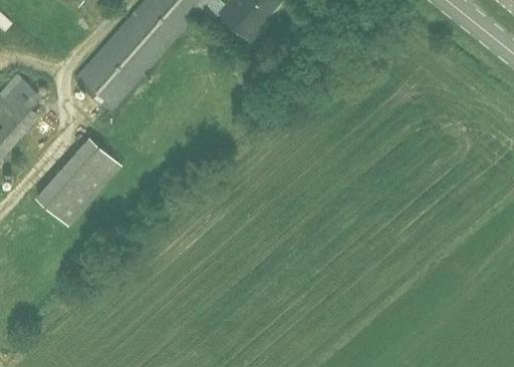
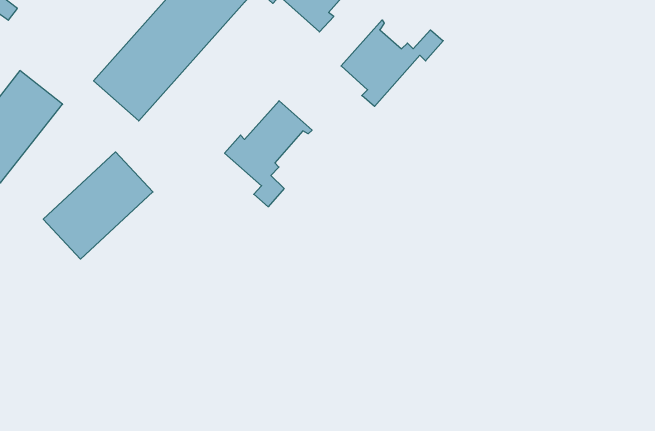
building: none -> [341,20,443,106]
building: none -> [225,101,312,207]

